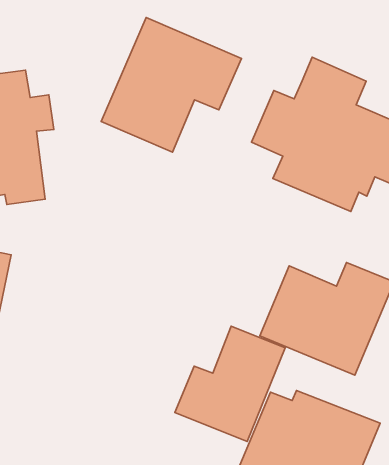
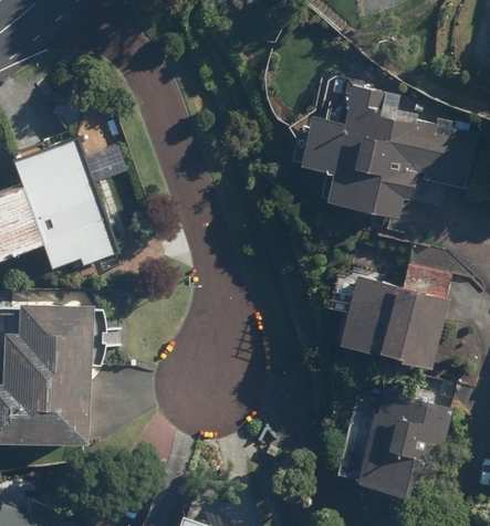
building: [101,18,242,152] -> none
building: [175,326,285,441] -> none

